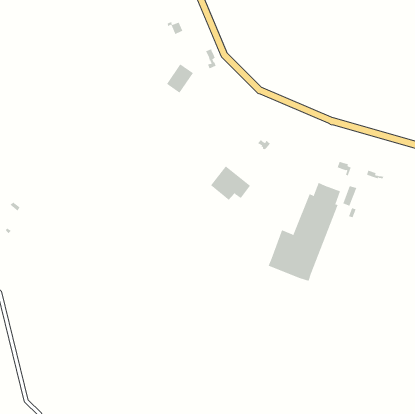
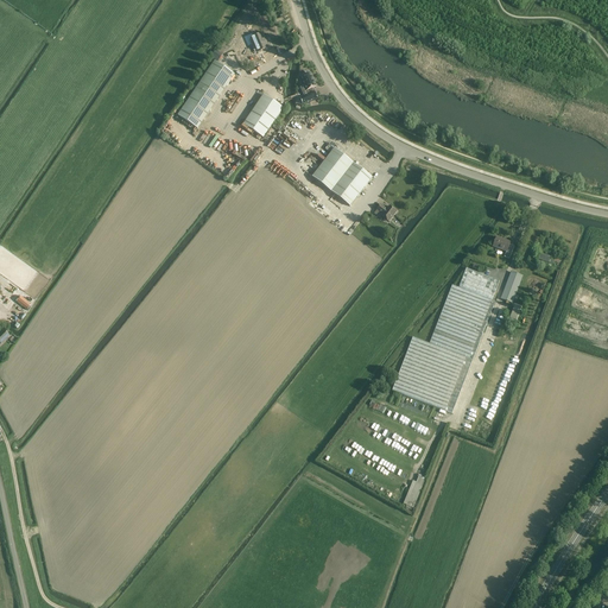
building: none -> [177,61,233,127]
building: [210,166,251,201] -> [311,146,370,197]

